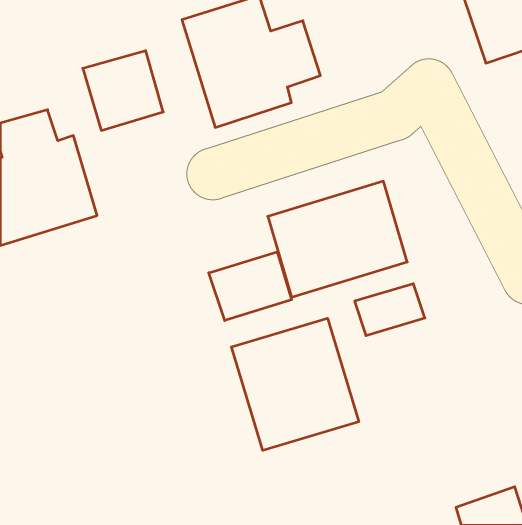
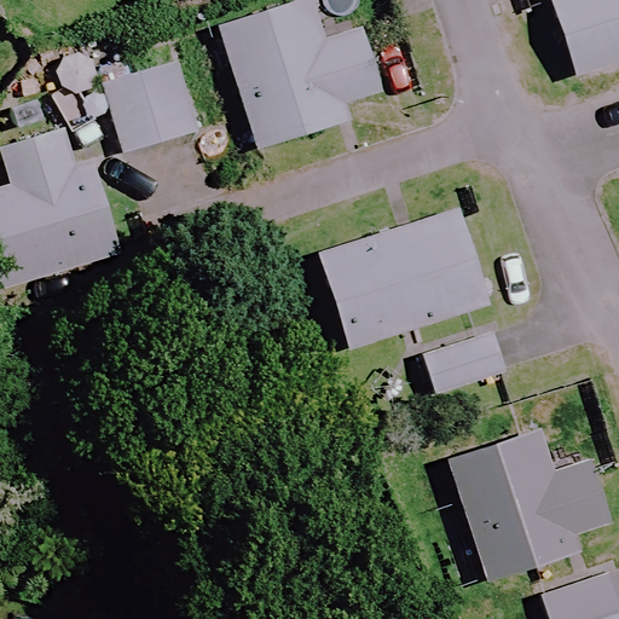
building: [209,252,292,321] -> none
building: [231,318,359,450] -> none
building: none -> [447,429,609,580]

